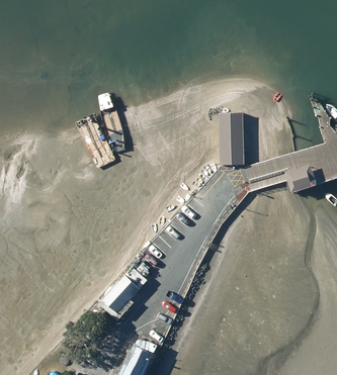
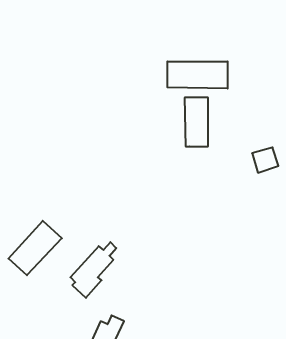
building: none -> [167,61,228,89]
building: none -> [8,221,62,275]

